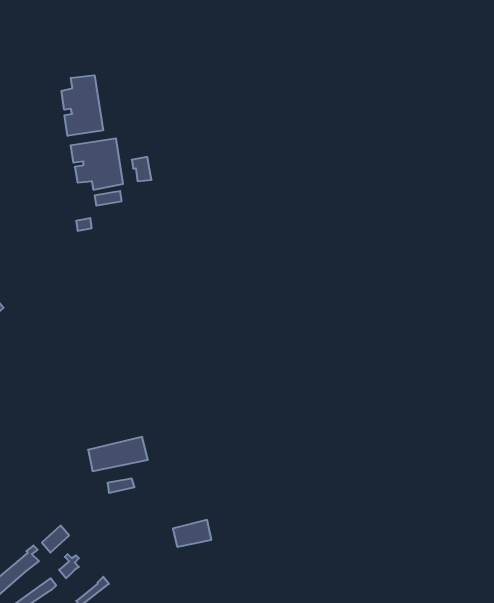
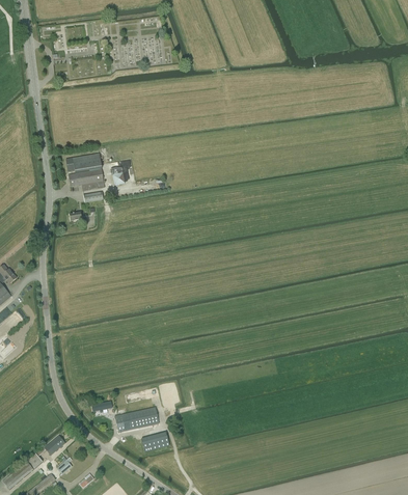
building: [62,75,103,136] -> none
building: [88,437,148,471] -> [115,406,159,431]

